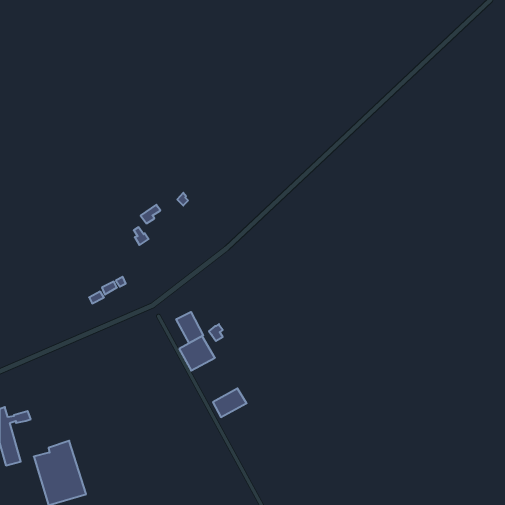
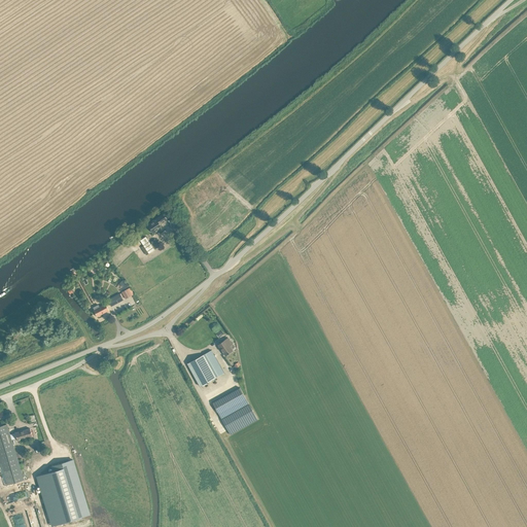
building: [176,312,203,343] -> none
building: none -> [212,388,247,419]

